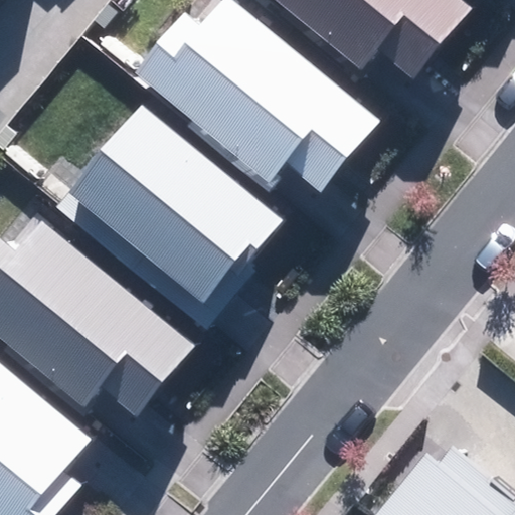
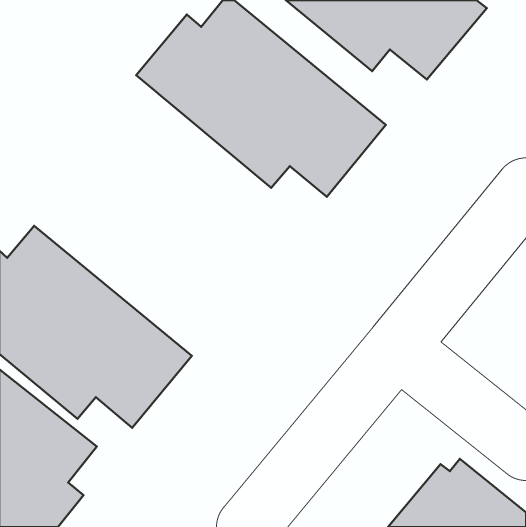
building: [66,106,281,303] -> none

